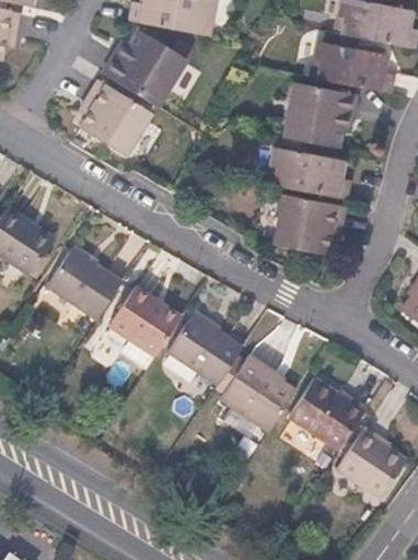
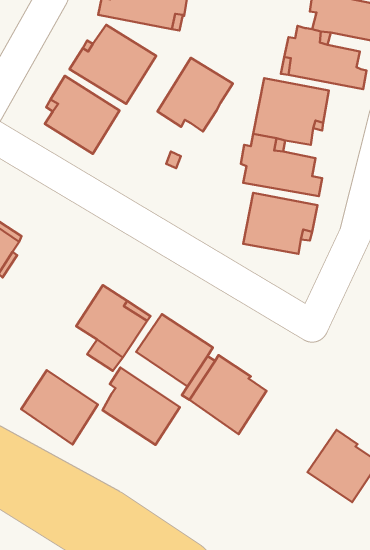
building: none -> [157,58,233,131]
building: [47,247,123,320] -> [21,370,98,445]
building: none -> [102,368,180,445]
building: [289,377,367,451] -> none

